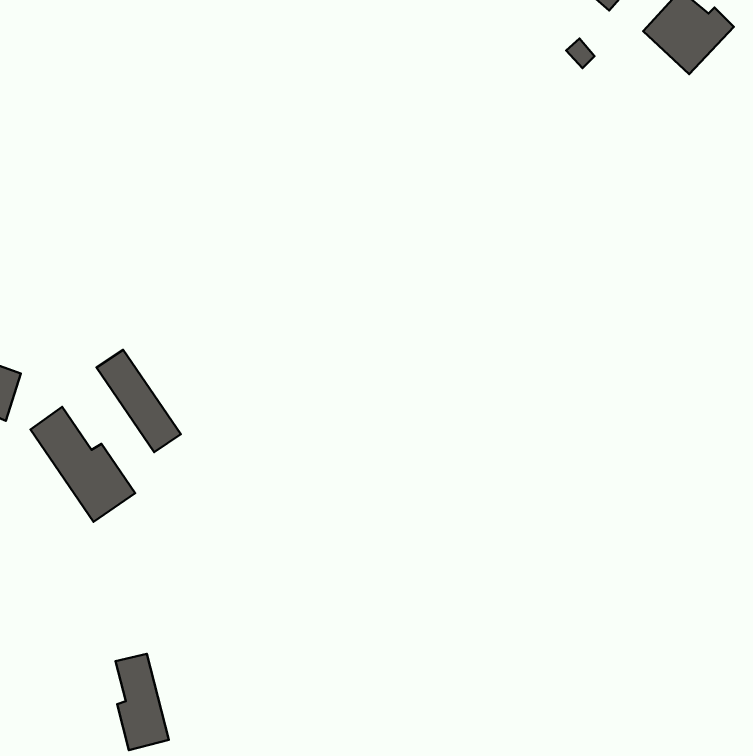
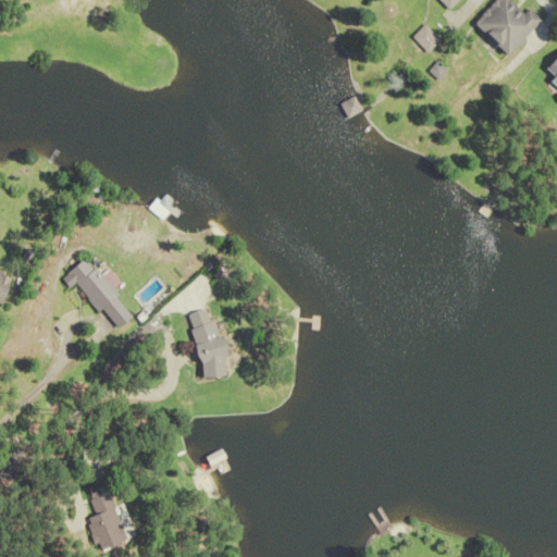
building: [30,407,135,522] -> none
building: none -> [188,307,234,381]

